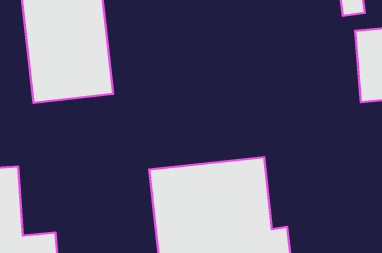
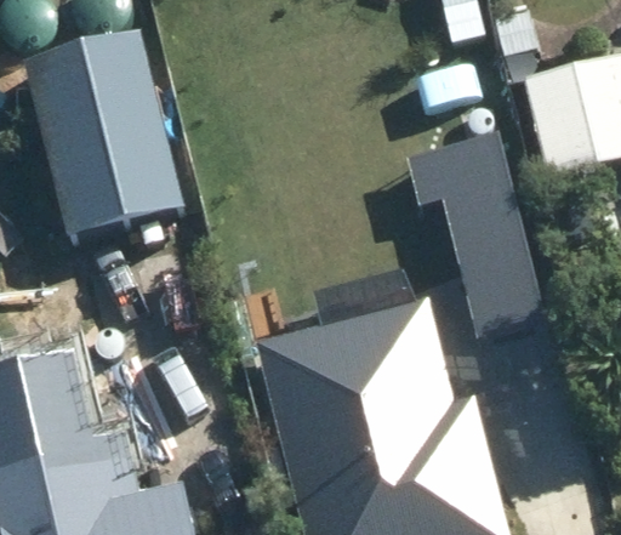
building: none -> [405,133,541,343]

